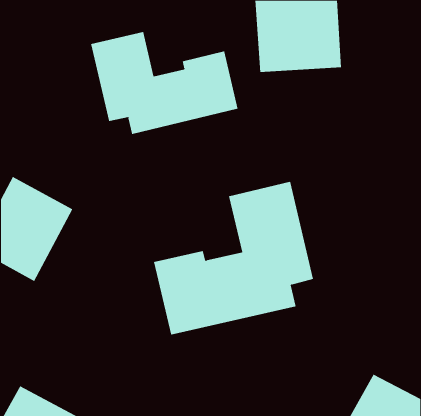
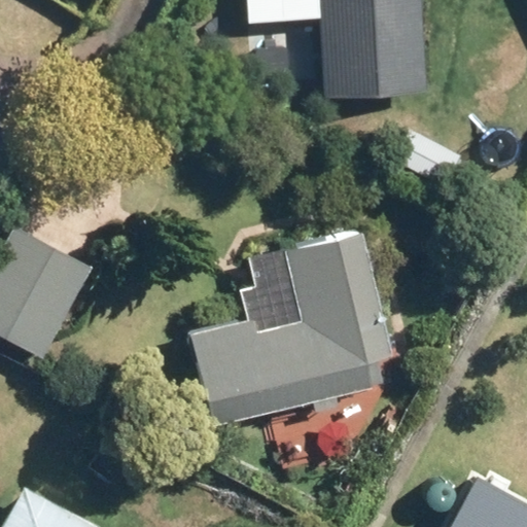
building: [90,31,238,135] -> none

